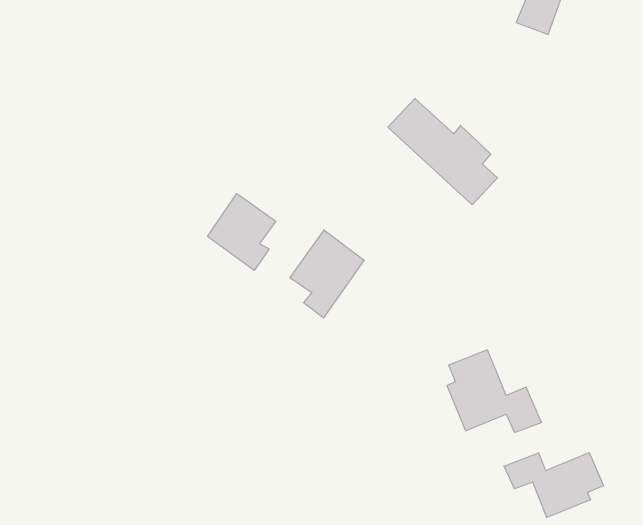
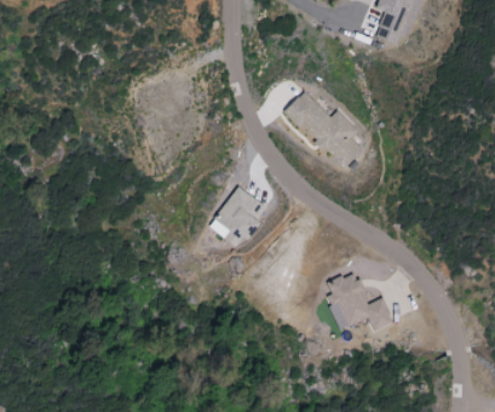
building: [207,193,276,270] -> none
building: [504,453,603,518] -> none

